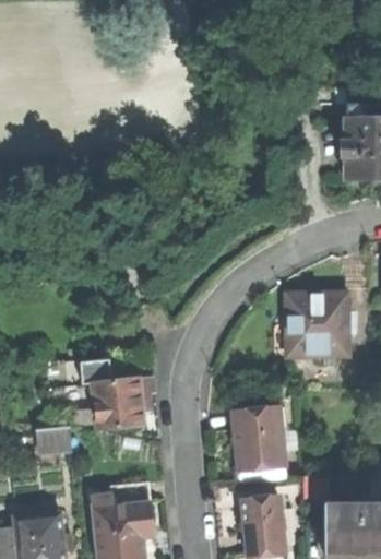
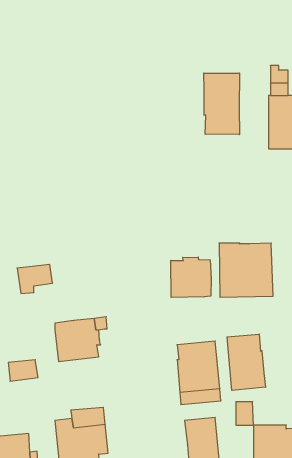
building: none -> [204,73,240,135]
building: none -> [171,257,211,297]
building: [72,360,114,394] -> [17,264,53,293]
building: none -> [227,334,266,390]

